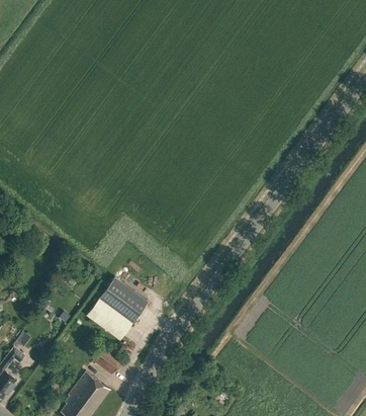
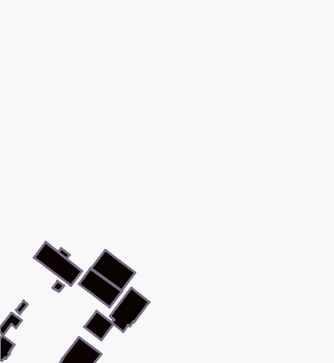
building: none -> [34,242,82,286]
building: none -> [110,288,149,332]

